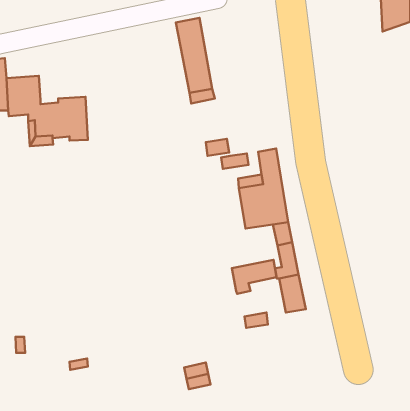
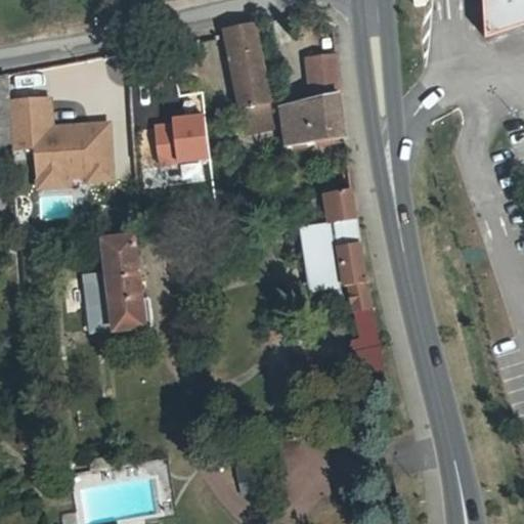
building: none -> [278,54,344,145]
building: none -> [147,113,204,163]
building: none -> [88,226,150,331]
building: [232,260,277,294] -> none

